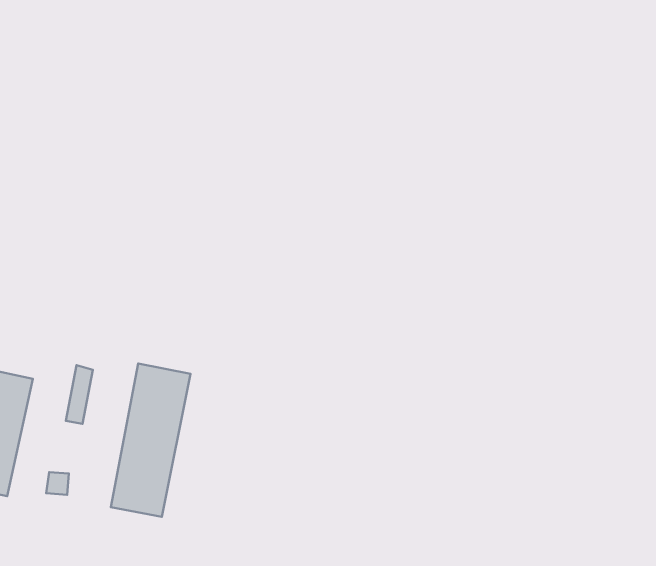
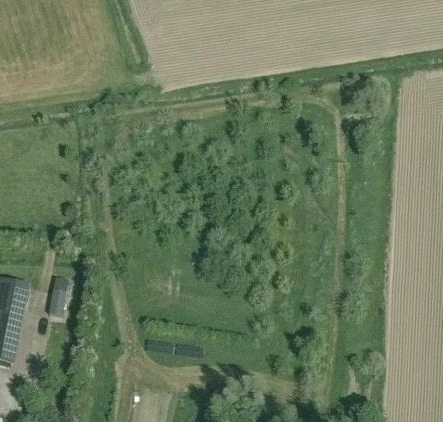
building: [111,363,190,517] -> none

